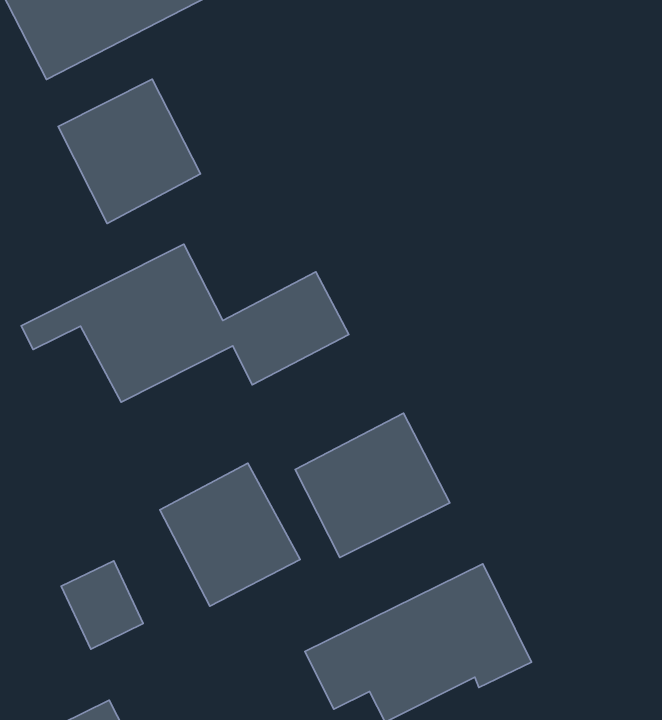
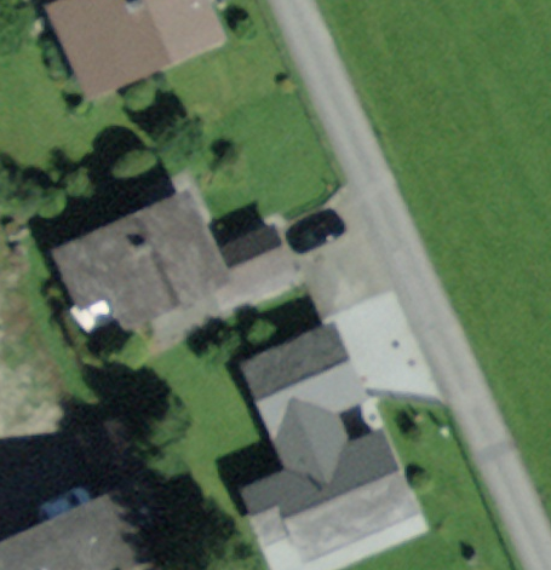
building: [58,79,200,224] -> none
building: [160,463,300,606] -> none

